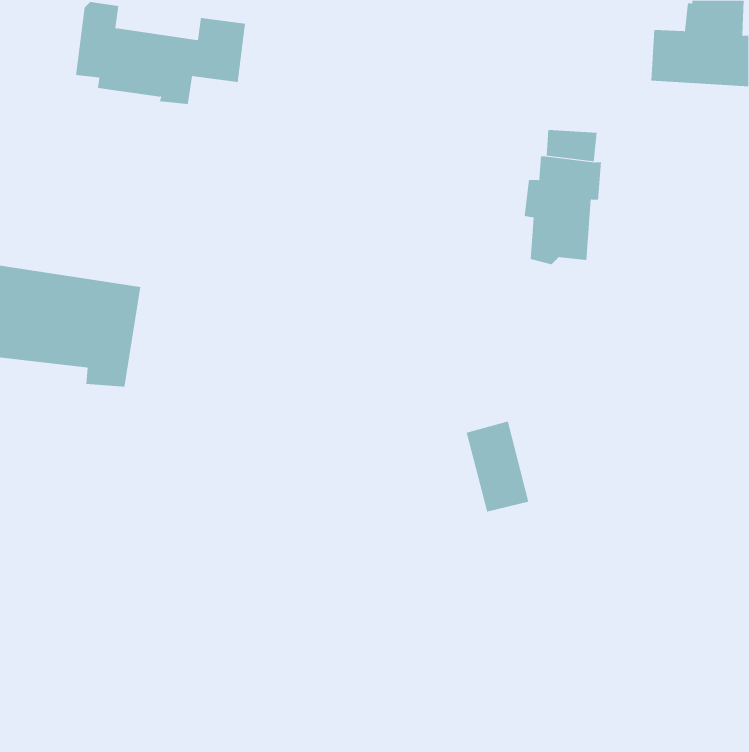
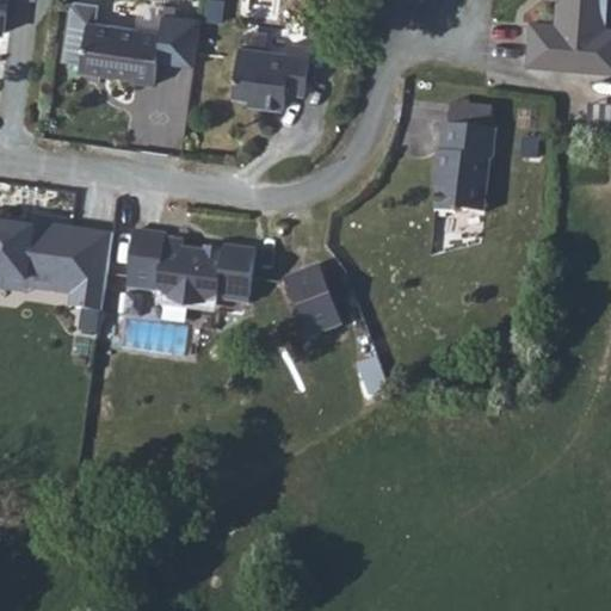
building: none -> [232,44,310,110]
building: none -> [125,228,257,309]
building: [466,421,529,512] -> [289,261,340,335]

